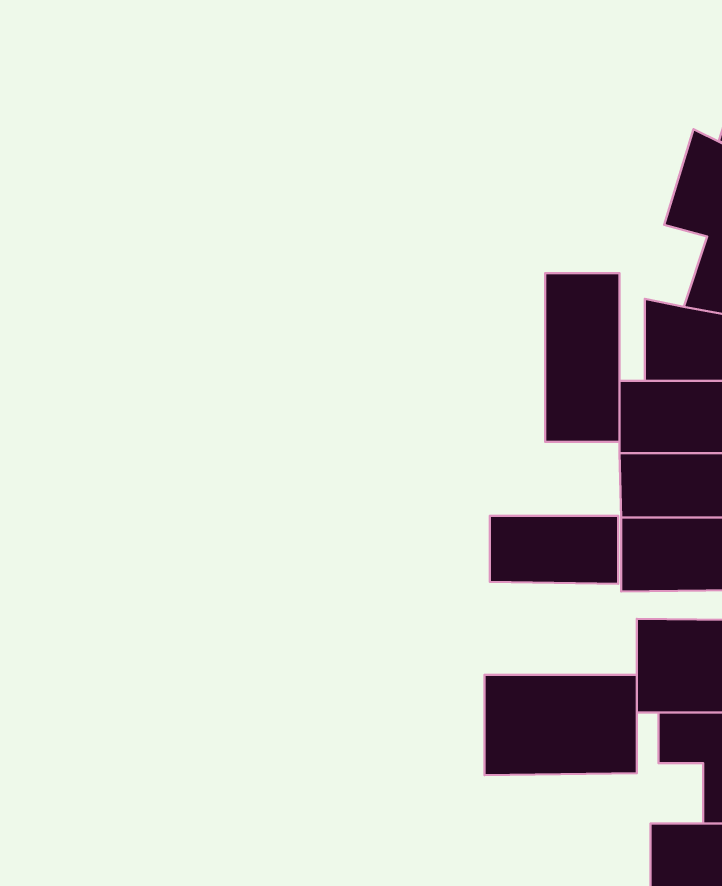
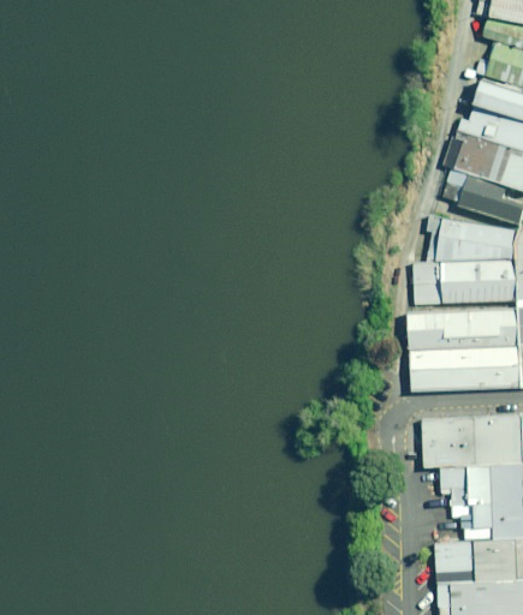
building: [545,273,619,442] -> none
building: [490,516,618,584] -> none
building: [484,675,637,775] -> none

